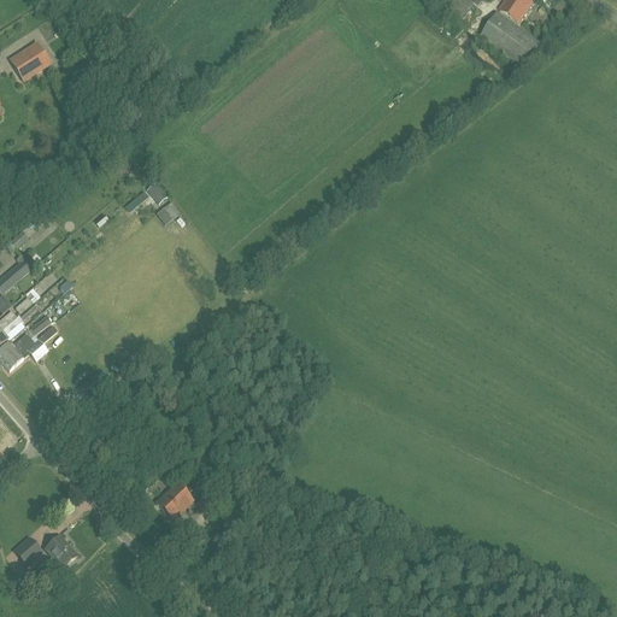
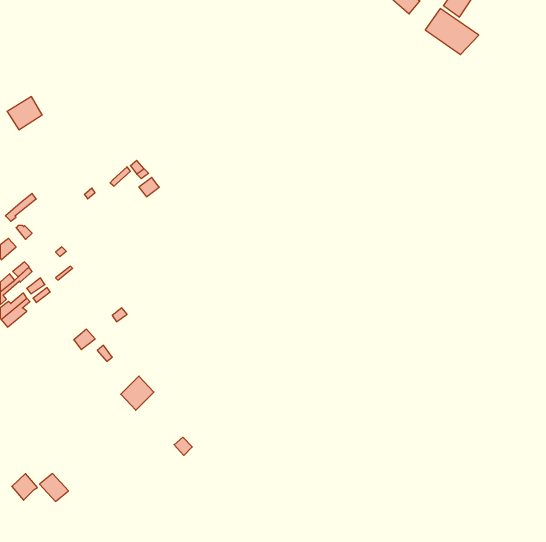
building: [10,41,49,78] -> [7,97,42,130]
building: [155,480,193,518] -> [121,376,154,410]

